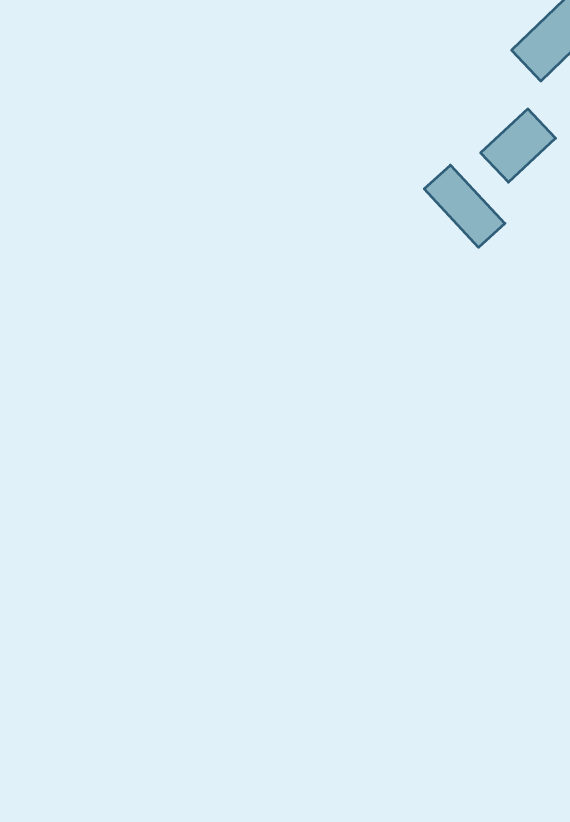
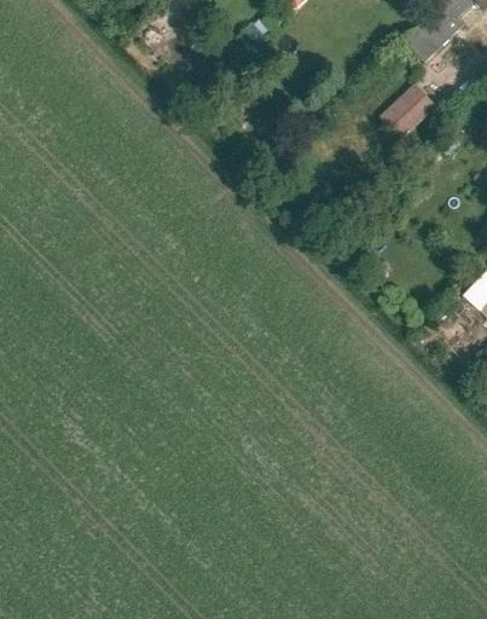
building: [424,165,505,247] -> none

